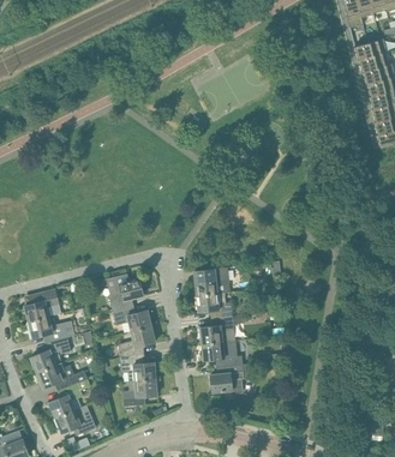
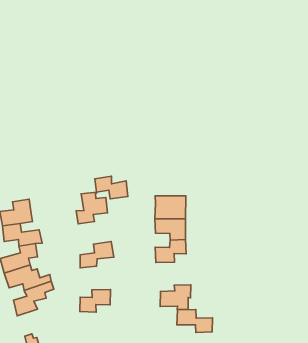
building: [112,306,150,331] -> [95,176,128,199]
building: [202,342,243,367] -> [177,309,213,332]
building: [119,355,155,381] -> none
building: [55,404,98,435] -> none

